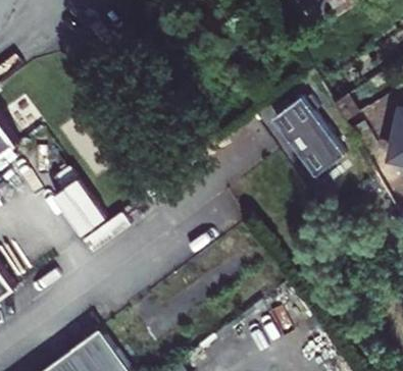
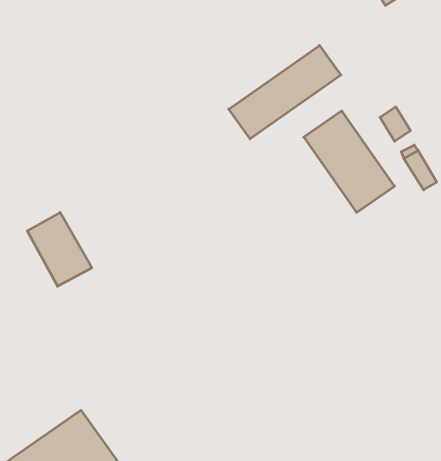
building: none -> [229,45,341,139]

